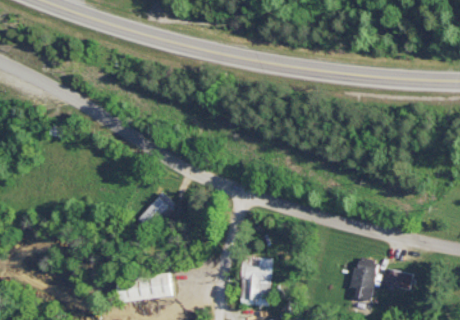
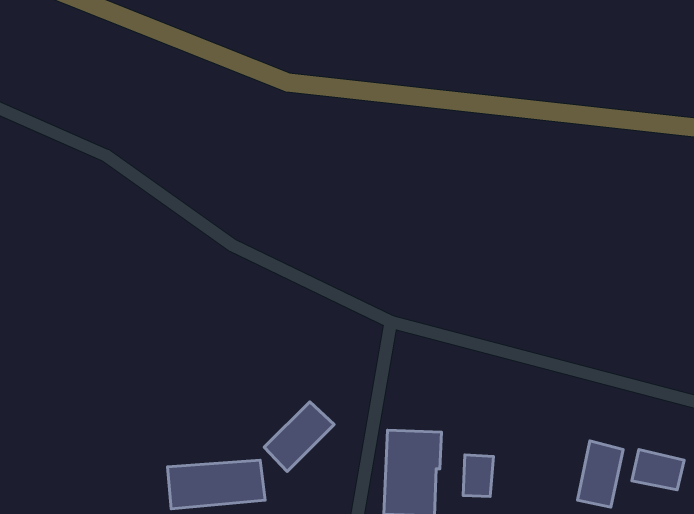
building: [136,193,176,233] -> [264,402,334,472]
building: none -> [463,455,493,496]

